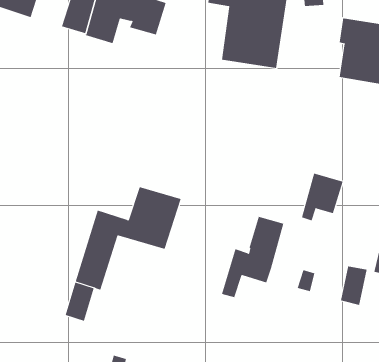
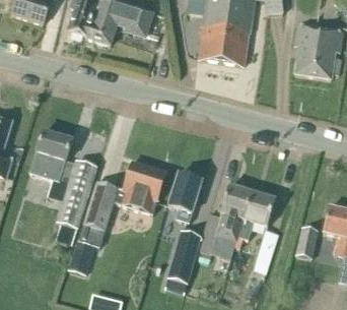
building: none -> [29,129,96,243]
building: [301,173,343,221] -> [239,191,274,231]
building: none -> [167,172,201,221]
building: none -> [164,231,201,293]

